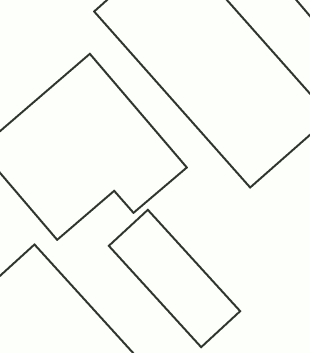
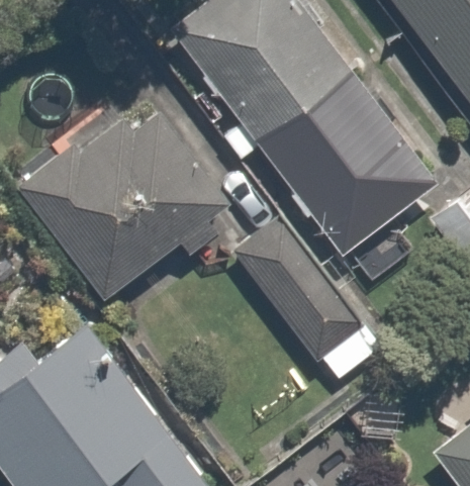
building: [109,210,240,347] -> [240,218,388,388]

